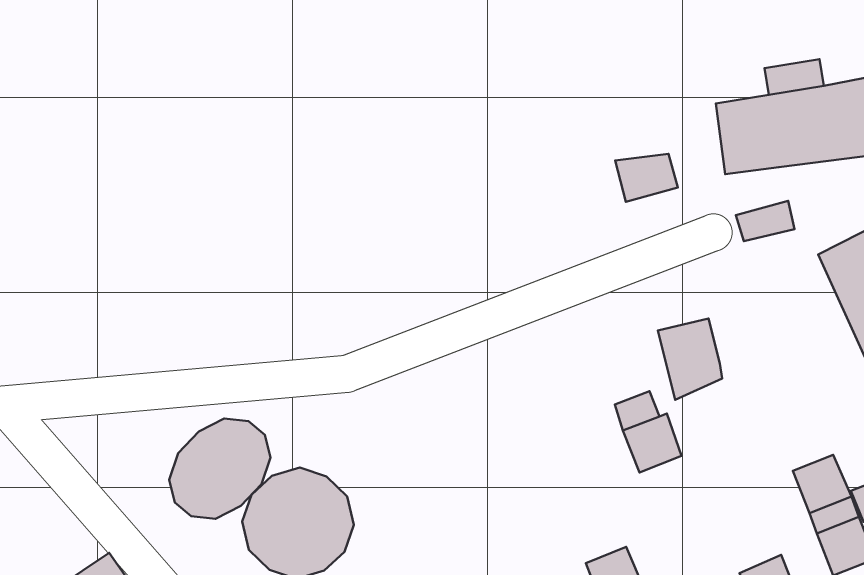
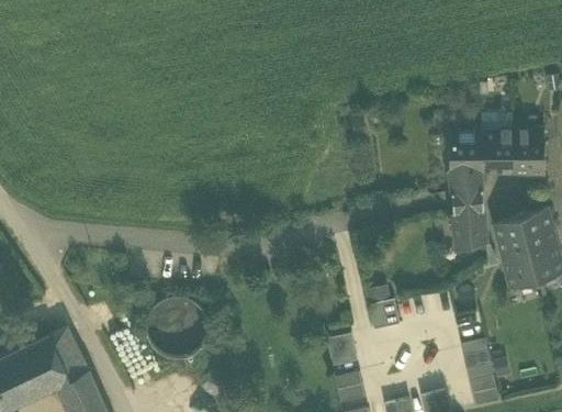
building: [615,154,678,202] -> [449,171,482,196]
building: [658,318,722,400] -> [453,209,485,252]
building: [169,419,271,519] -> none
building: none -> [326,335,357,367]

